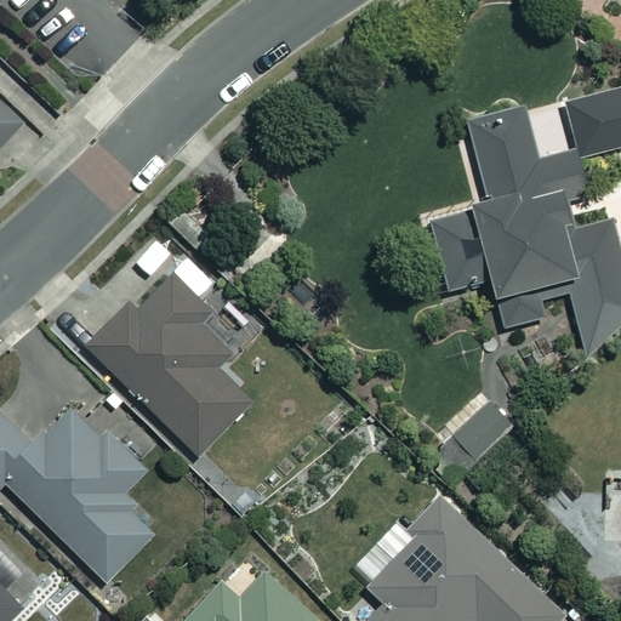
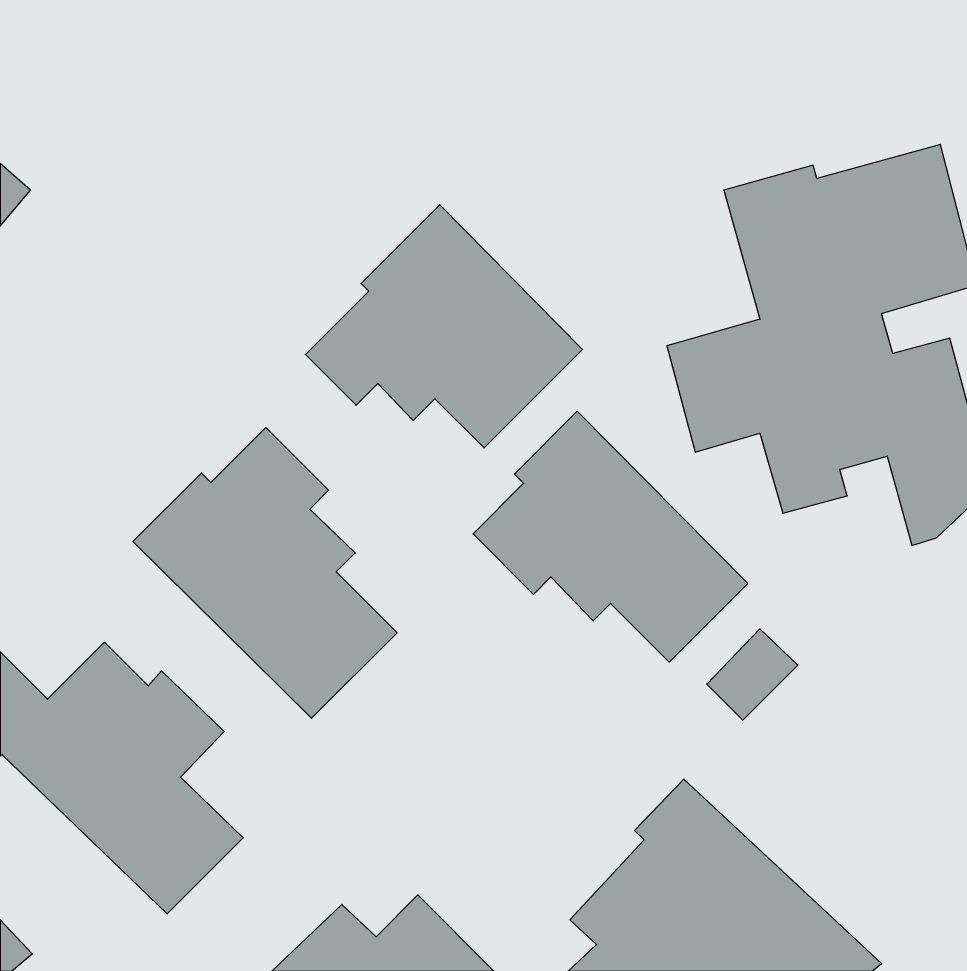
building: none -> [305,205,582,448]
building: none -> [473,411,748,662]

